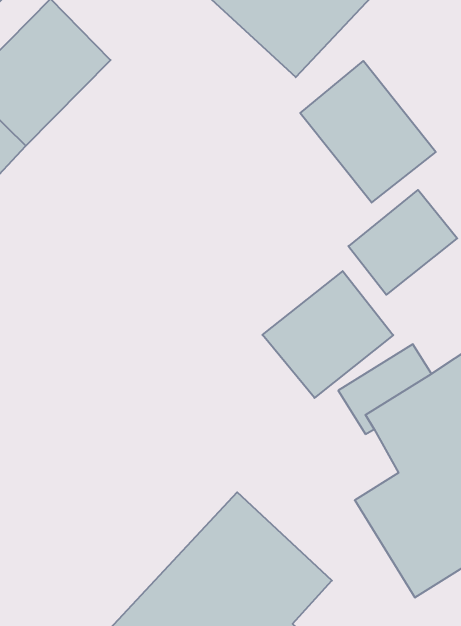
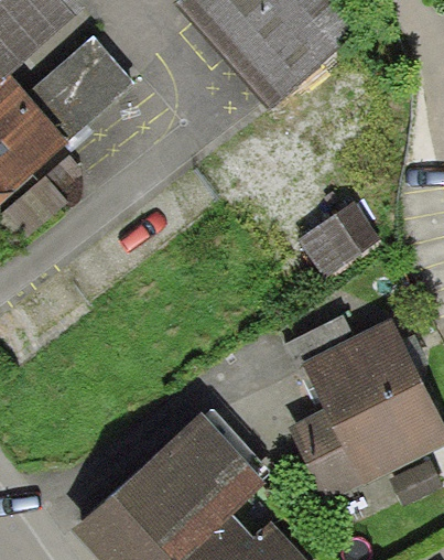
building: [300,61,436,203] -> none
building: [262,271,393,398] -> none

